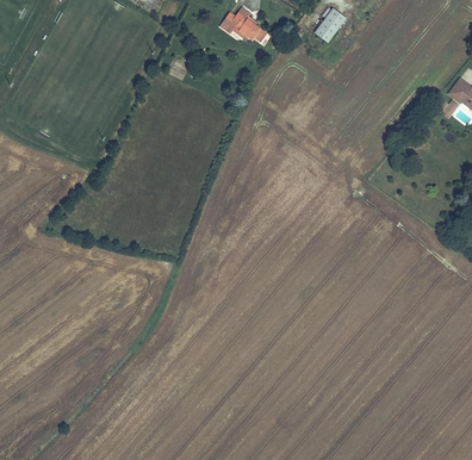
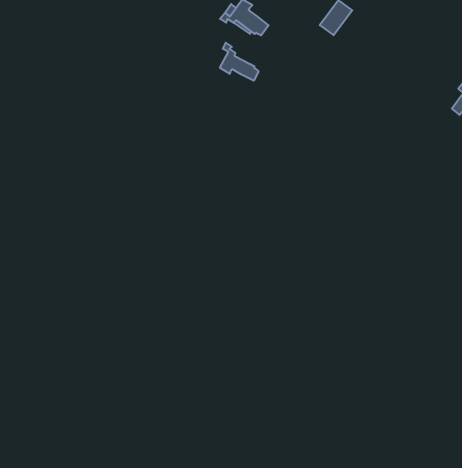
building: none -> [220,43,258,81]

